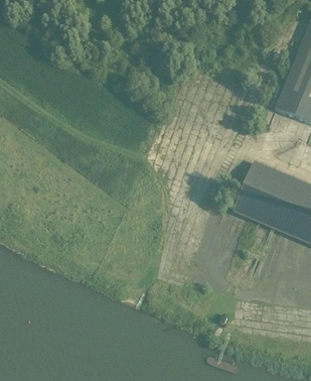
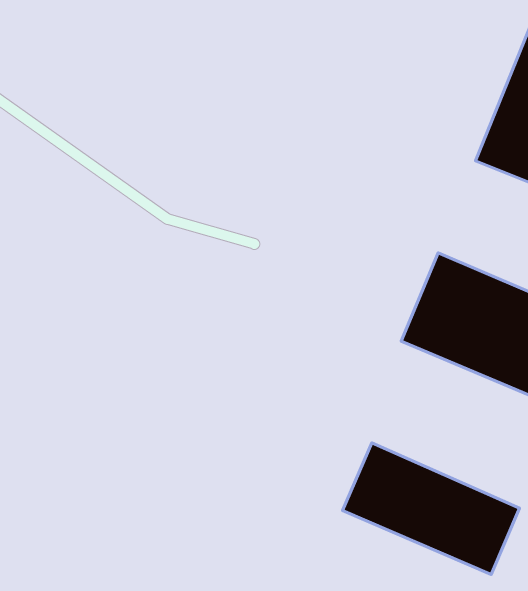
building: none -> [342,443,519,574]

